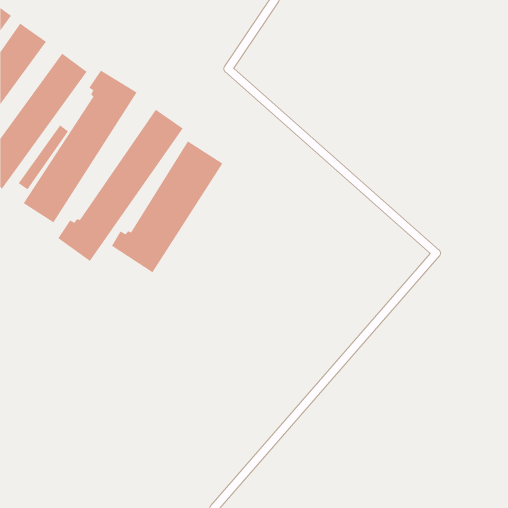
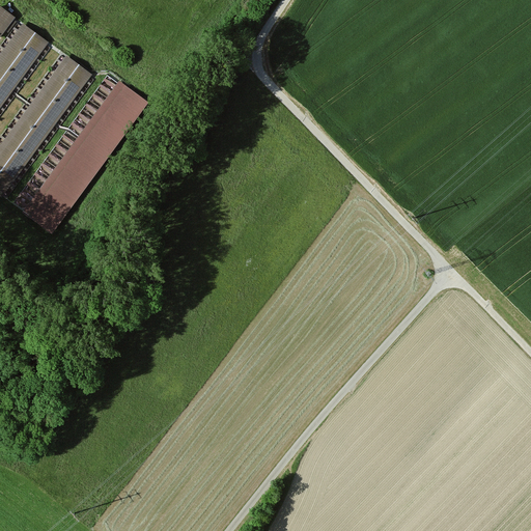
building: [58,109,184,262] -> none
building: [111,141,223,273] -> none

